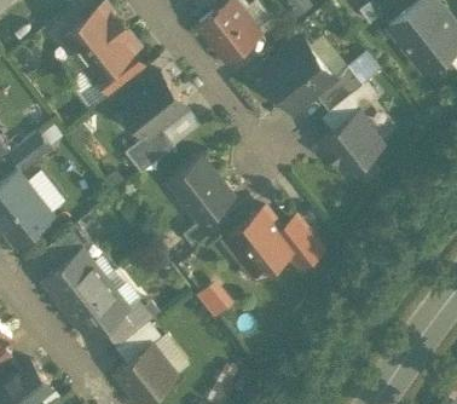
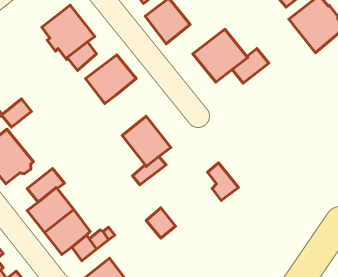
building: [319,112,383,174] -> none
building: [126,128,177,174] -> none
building: [227,208,295,272] -> none

